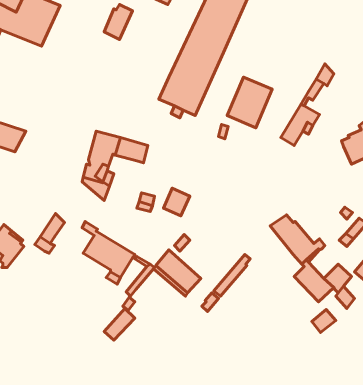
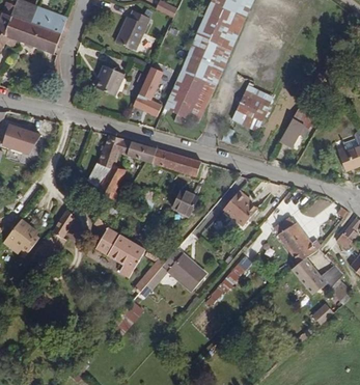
building: none -> [96,66,124,97]
building: none -> [133,75,161,115]
building: none -> [151,147,201,176]
building: none -> [220,190,254,226]

